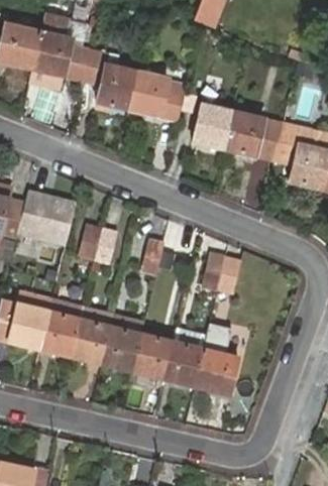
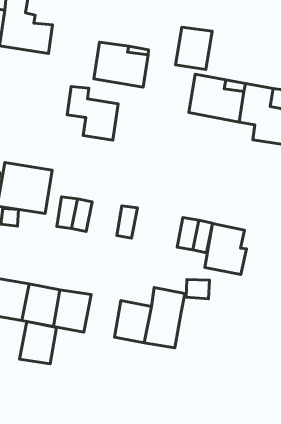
building: [81,48,134,107] -> [67,86,118,140]
building: [191,103,231,148] -> [175,27,212,70]
building: none -> [205,224,247,275]
building: [99,330,139,375] -> [20,322,57,364]
building: [192,354,237,398] -> none

